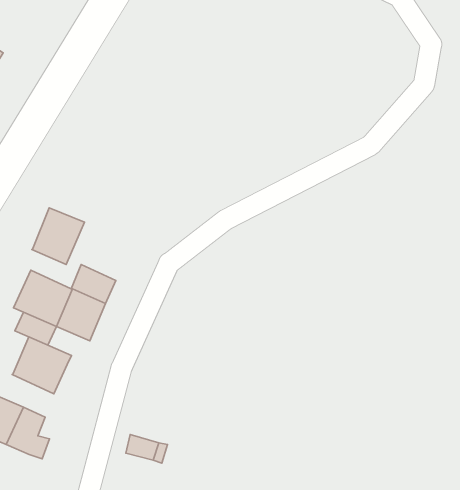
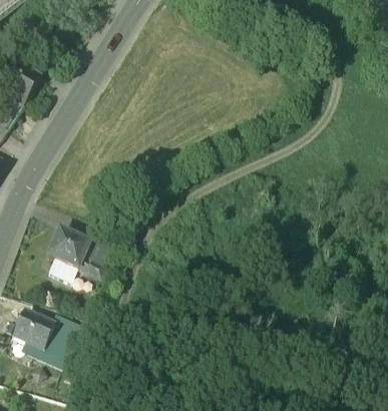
building: [32,208,85,265] -> none
building: [12,337,71,394] -> none

